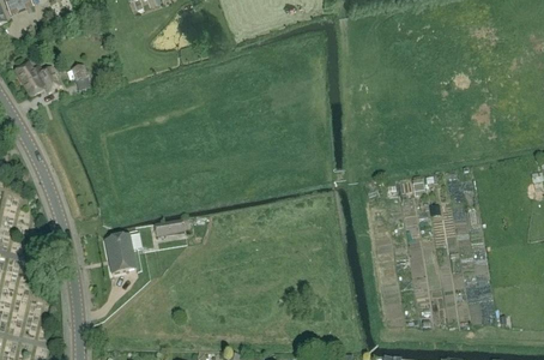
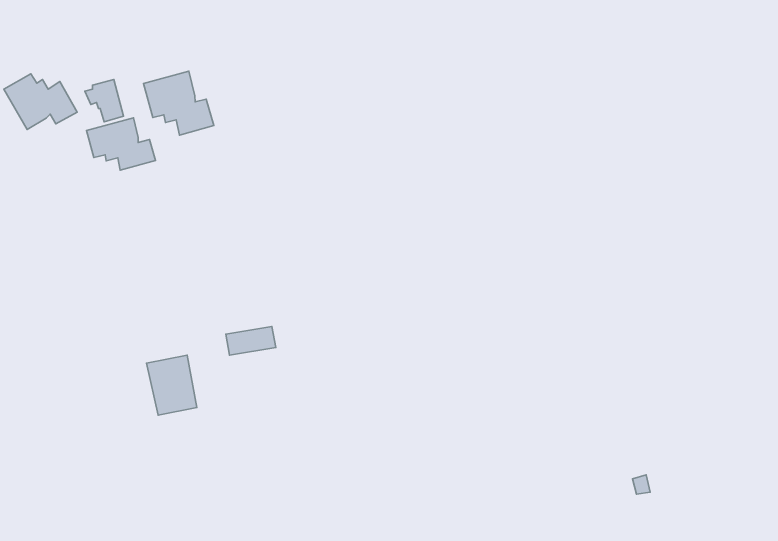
building: none -> [143,71,214,135]
building: none -> [86,118,156,170]

